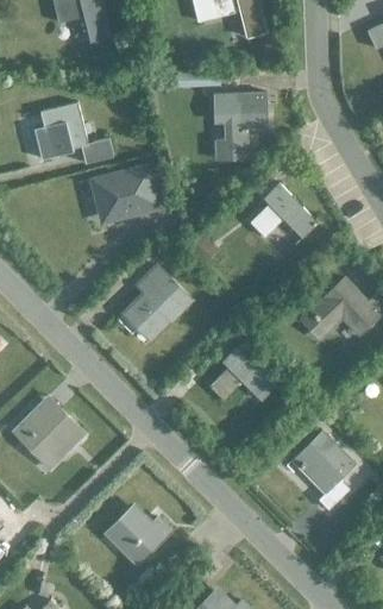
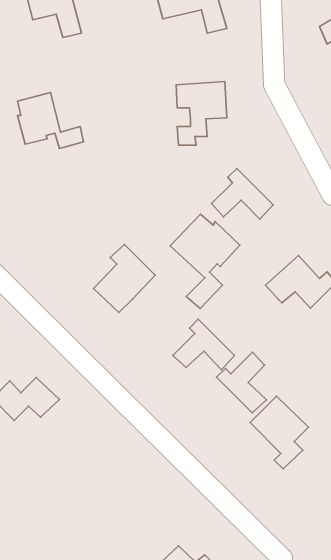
building: [90,164,161,220] -> none
building: none -> [170,214,240,308]
building: none -> [217,352,266,413]
building: [109,509,170,564] -> none

